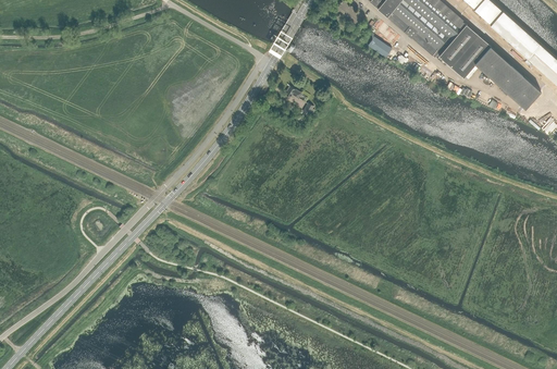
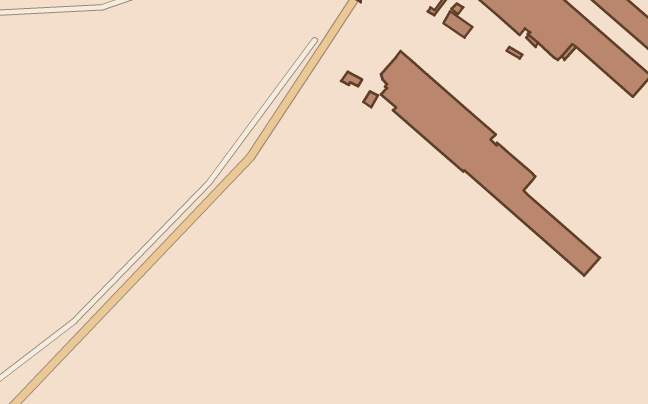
building: none -> [381,51,600,276]

